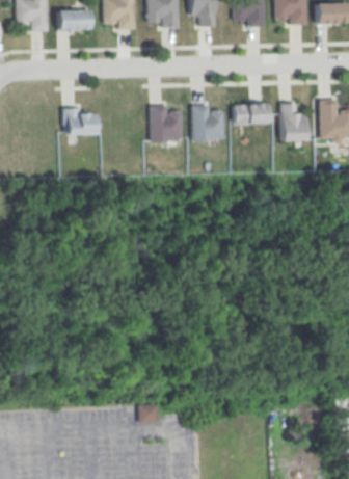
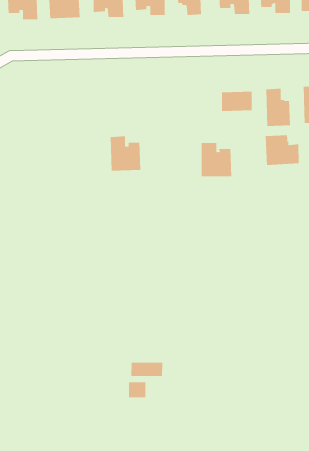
building: [150,105,182,141] -> [110,136,141,171]
building: [192,105,224,140] -> [201,143,232,177]
building: [62,108,96,135] -> none
building: none -> [265,135,299,166]
building: none -> [131,362,163,377]

